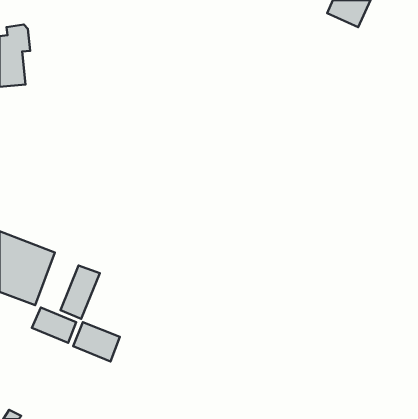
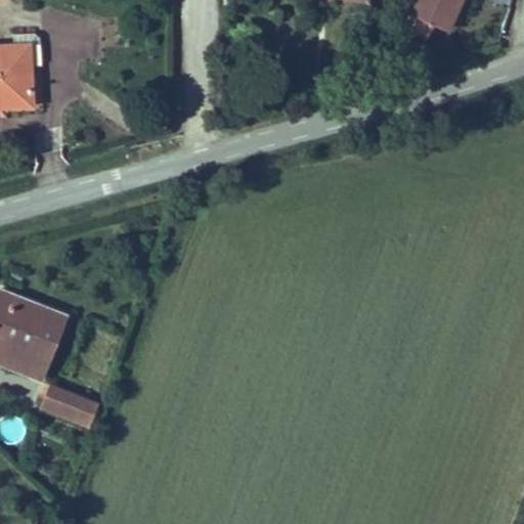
building: [60,265,100,319] -> none
building: [73,322,120,361] -> none

